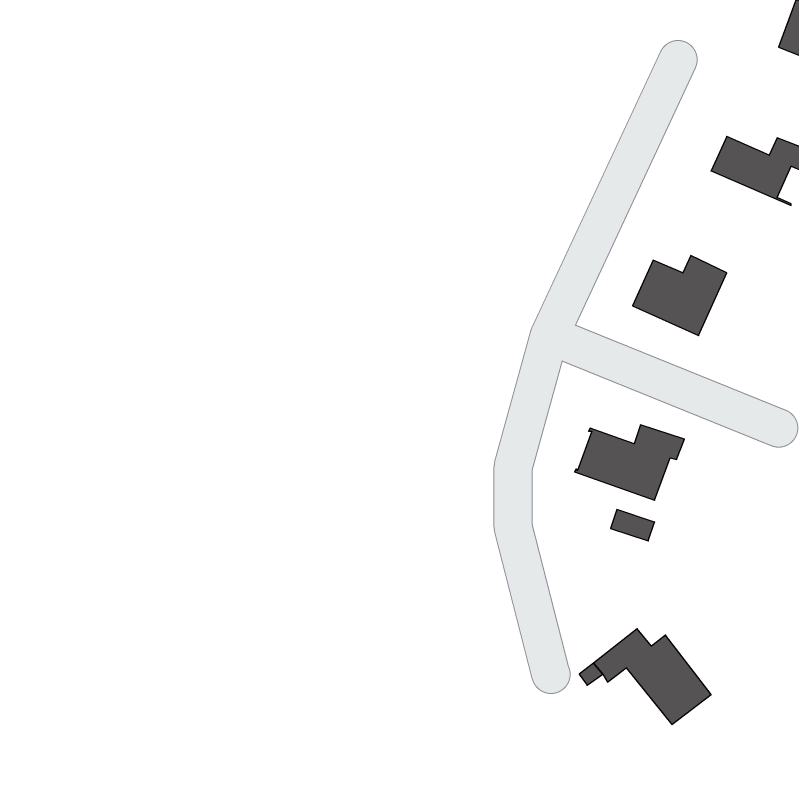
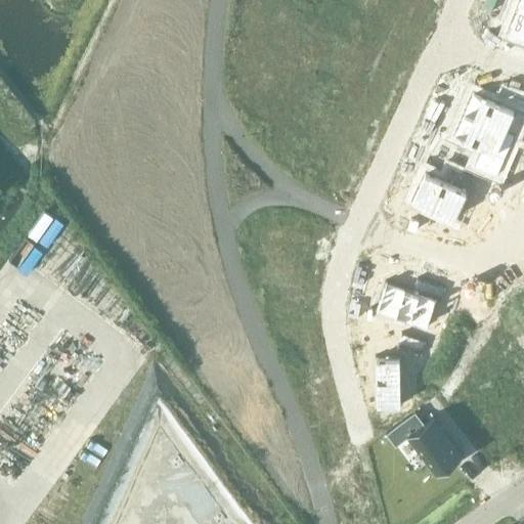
building: none -> [456,116,518,177]
building: none -> [379,359,404,408]

